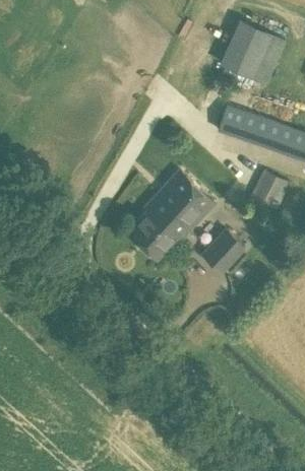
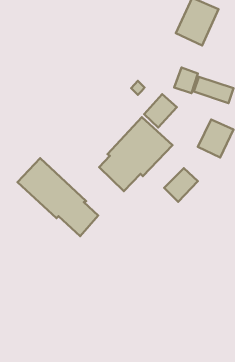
building: none -> [144,94,177,127]
building: none -> [18,158,98,236]

